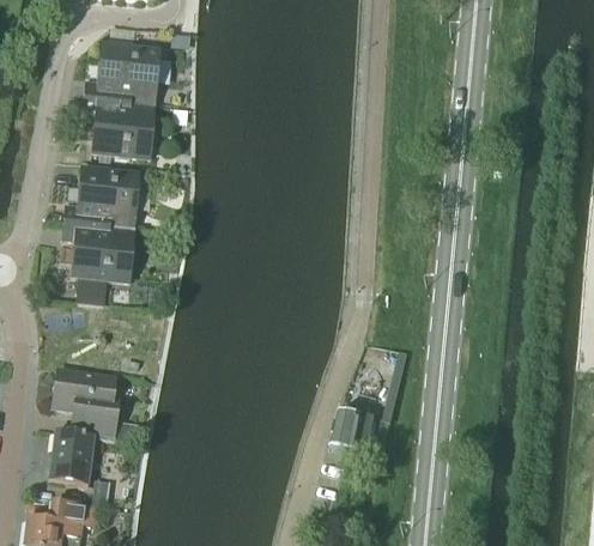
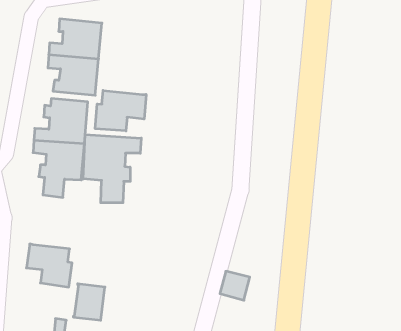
building: none -> [95,90,146,131]
building: none -> [83,134,141,203]
building: [48,430,93,483] -> [73,284,105,320]

